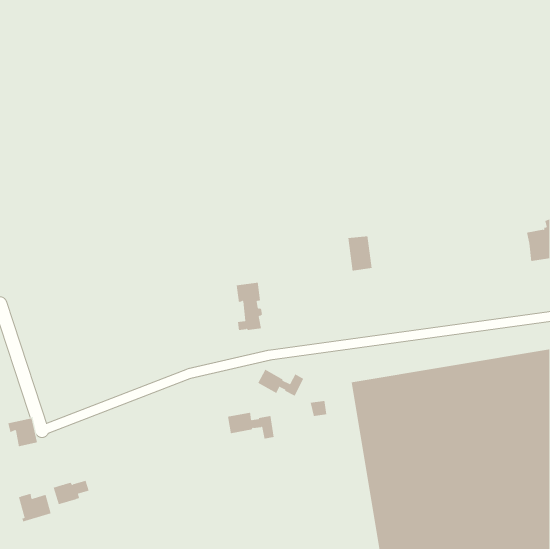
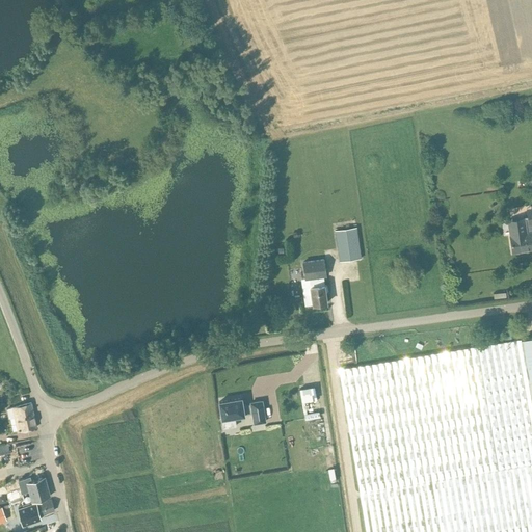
building: [236,282,263,330] -> [302,260,328,307]
building: [257,369,304,397] -> none
building: [53,480,89,505] -> [19,501,54,525]

